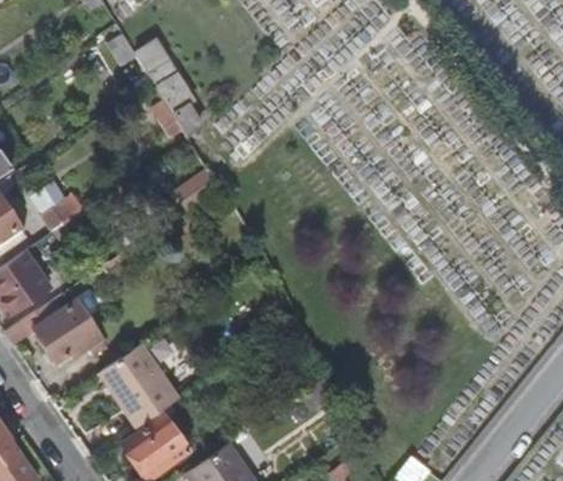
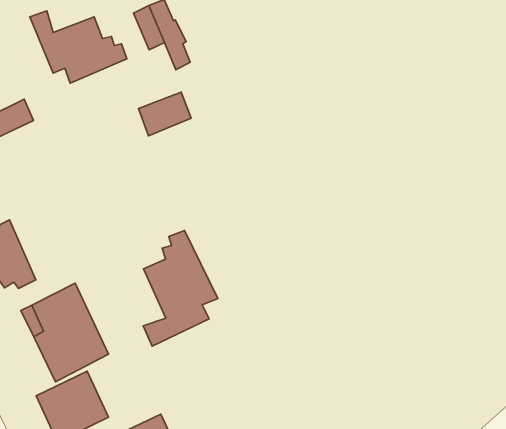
building: none -> [30,11,127,83]
building: none -> [143,230,218,346]

